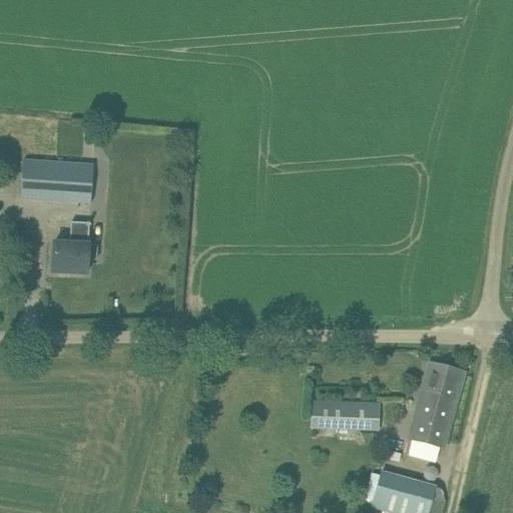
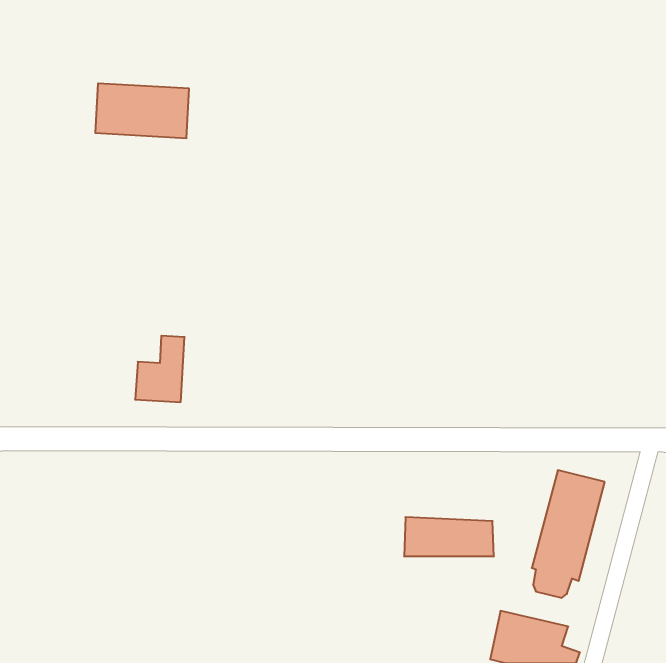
building: [20,159,92,201] -> [95,83,189,138]
building: [52,221,90,273] -> [135,336,185,402]

